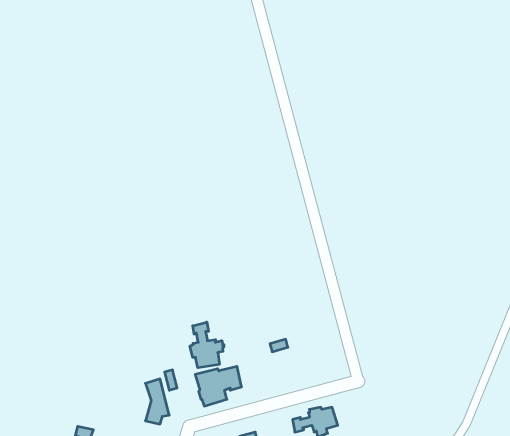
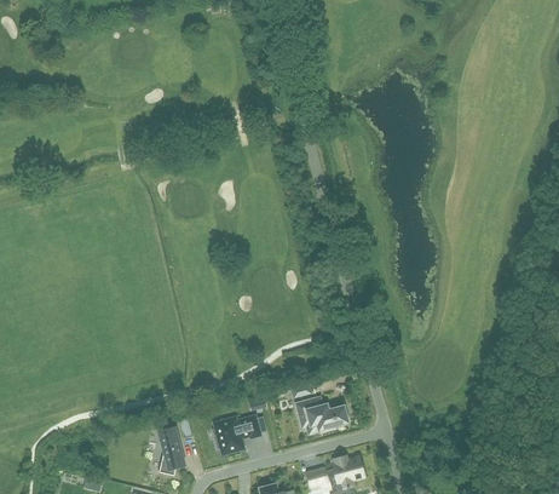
building: [190,322,224,368] -> none
building: none -> [294,396,346,431]

